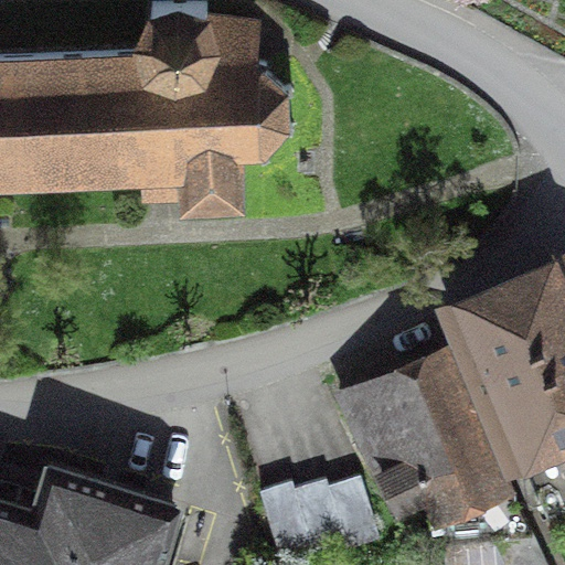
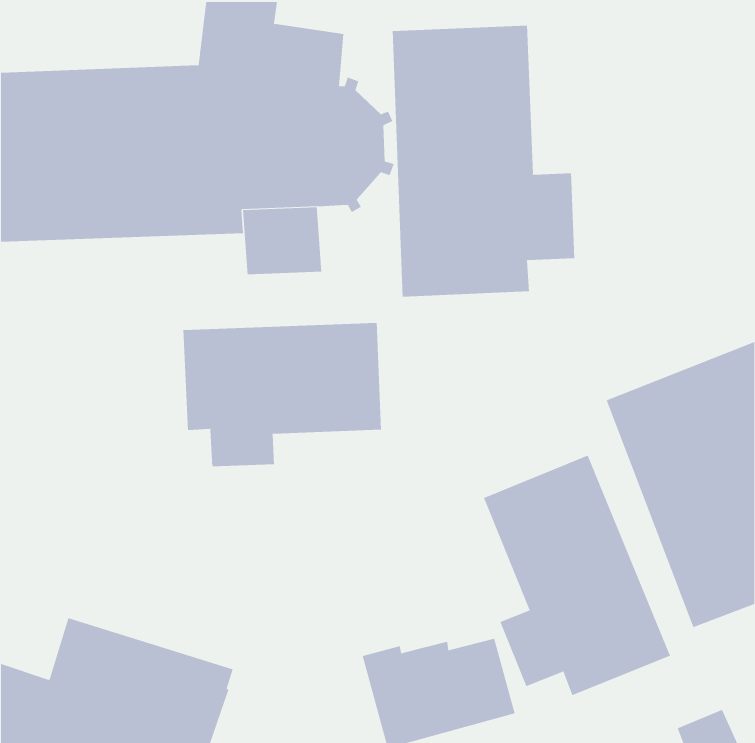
building: none -> [392,25,575,298]
building: none -> [183,322,382,467]

